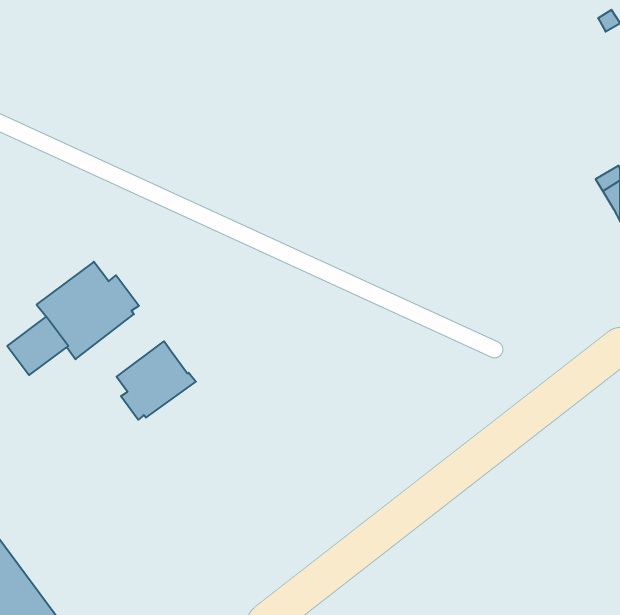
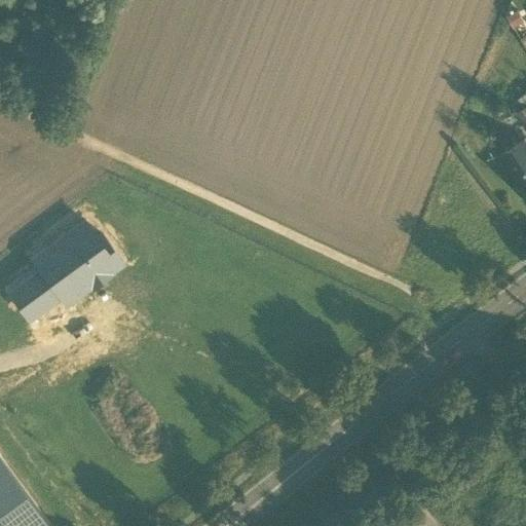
building: [117,341,196,420] -> none

